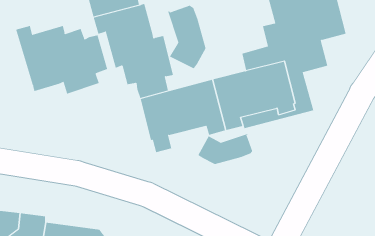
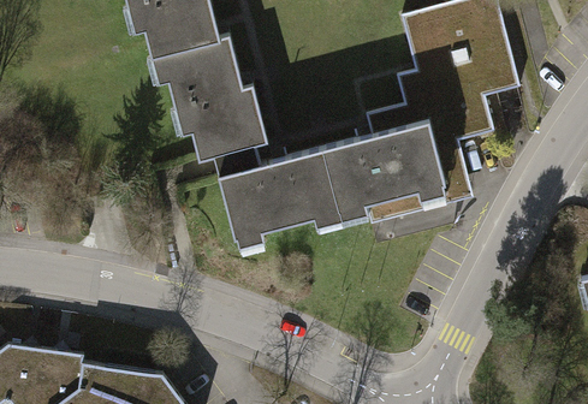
building: [168,5,206,69] -> none
building: [16,25,108,94] -> none
building: [197,133,253,165] -> none

